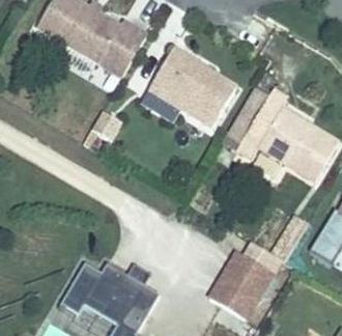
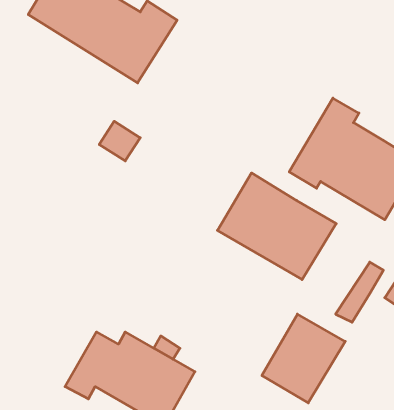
building: [148,49,238,130] -> [217,173,336,280]

